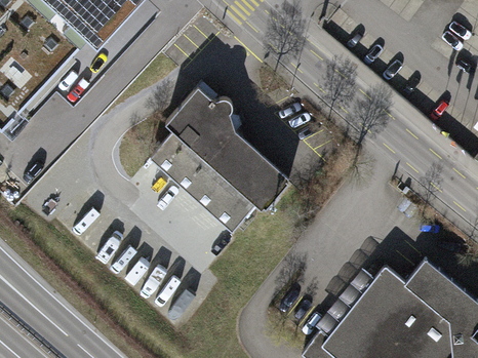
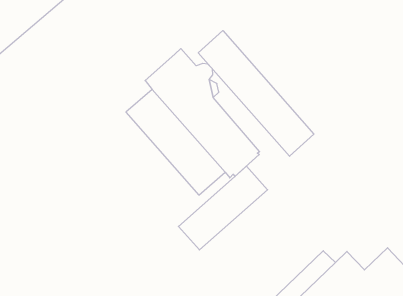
building: none -> [198,31,314,156]
building: none -> [178,166,268,250]

